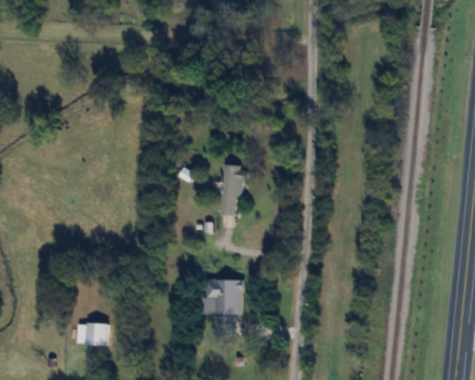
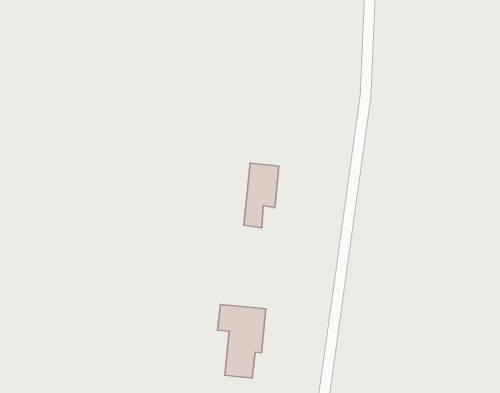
building: [76,323,106,344] -> none

